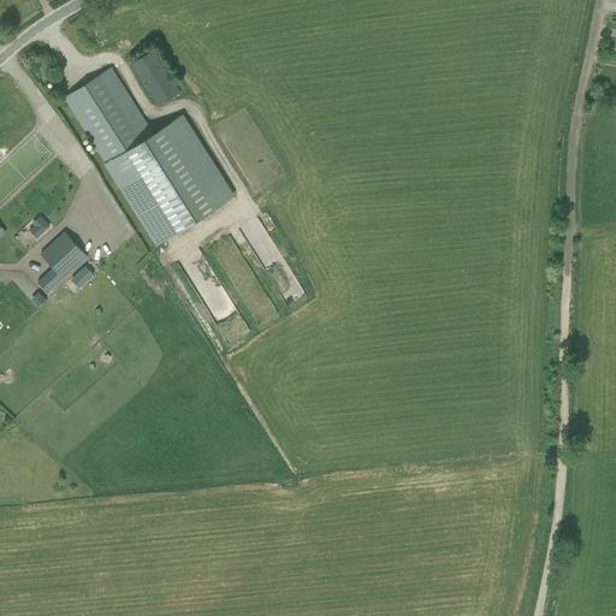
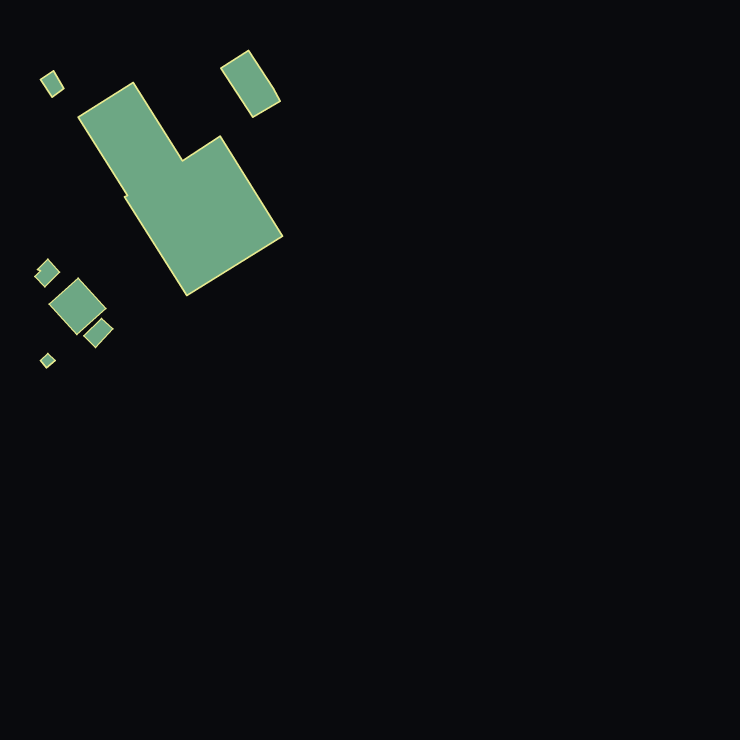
building: [131,51,180,106] -> [221,51,280,117]

